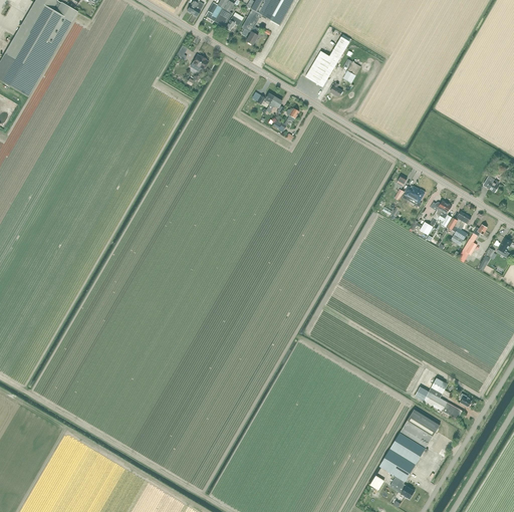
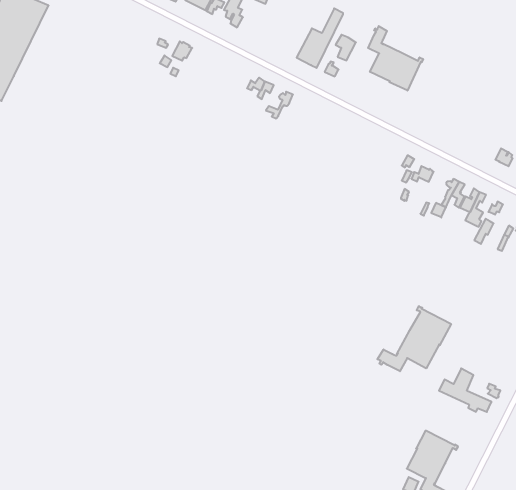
building: none -> [368,26,423,91]
building: none -> [377,306,451,371]
building: [402,410,440,446] -> none

